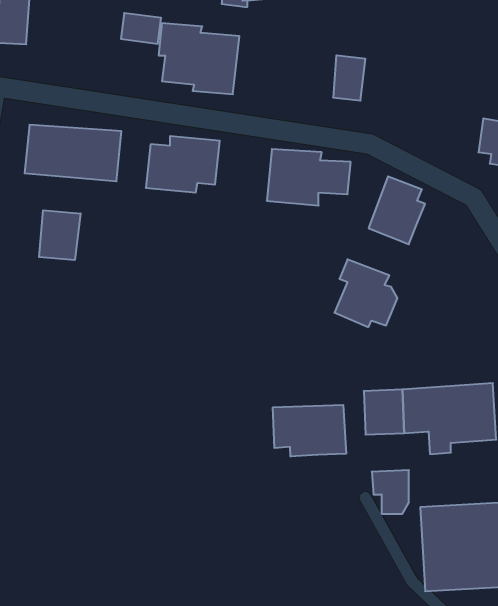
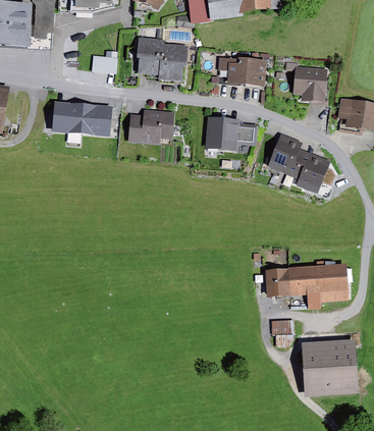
building: [121,13,161,44] -> [91,54,116,73]
building: none -> [218,56,248,84]
building: none -> [292,65,327,102]
building: [39,210,81,260] -> none
building: [334,259,397,327] -> [296,151,335,194]
building: [273,405,346,457] -> none

